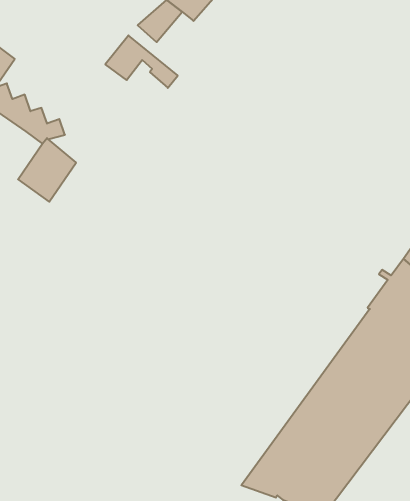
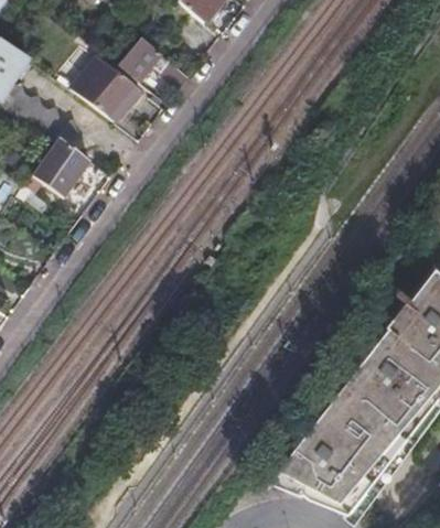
building: none -> [84,63,159,128]

